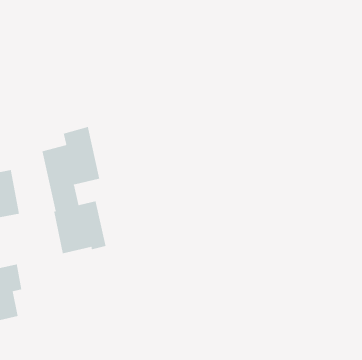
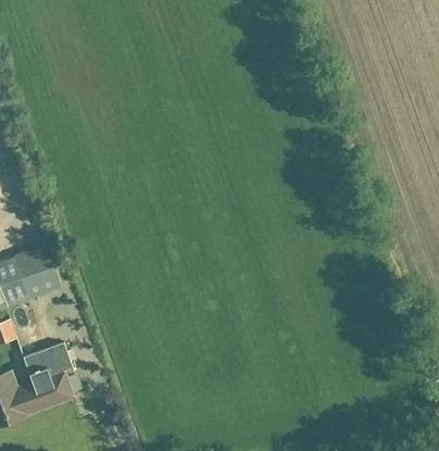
building: [42,126,106,254] -> none

